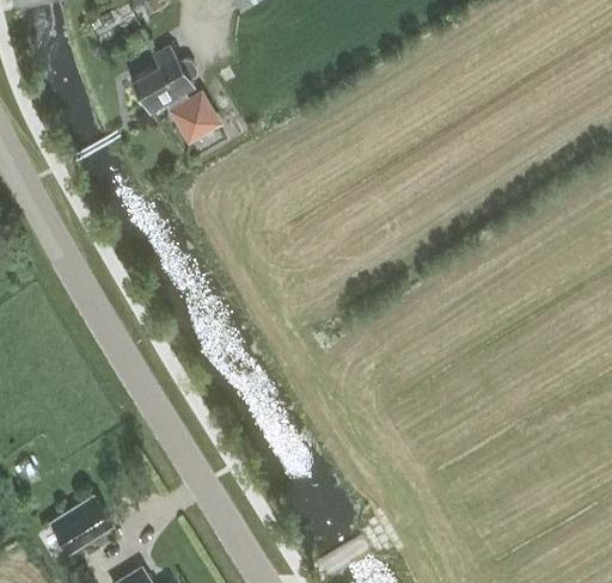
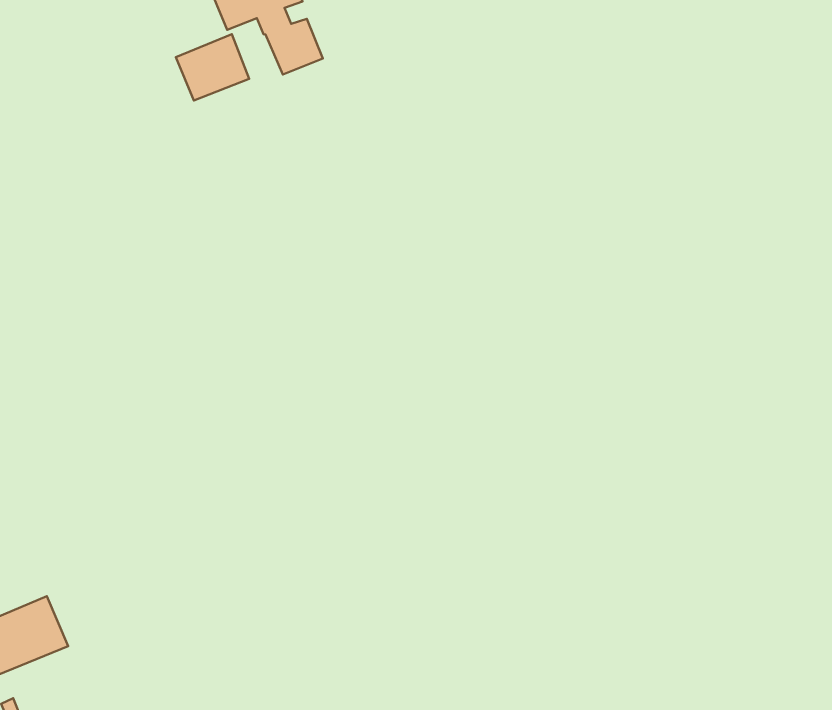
building: none -> [176,34,249,101]

